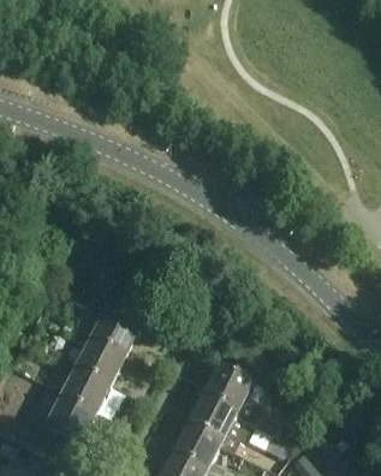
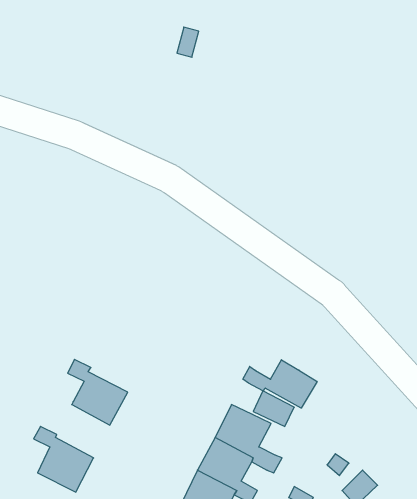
building: [85,298,138,356] -> none
building: none -> [243,360,317,408]
building: [56,357,108,413] -> none

